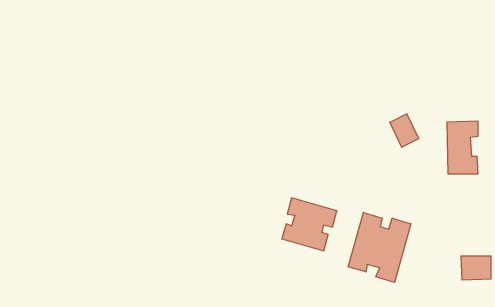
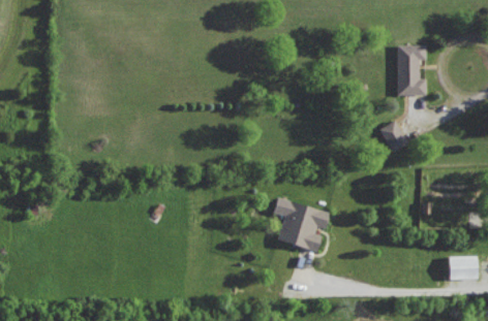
building: [447,121,478,174] -> [396,44,426,95]
building: [348,212,411,282] -> none

